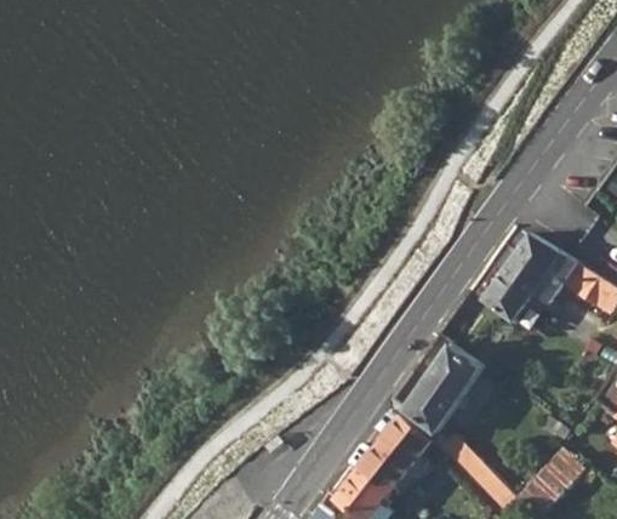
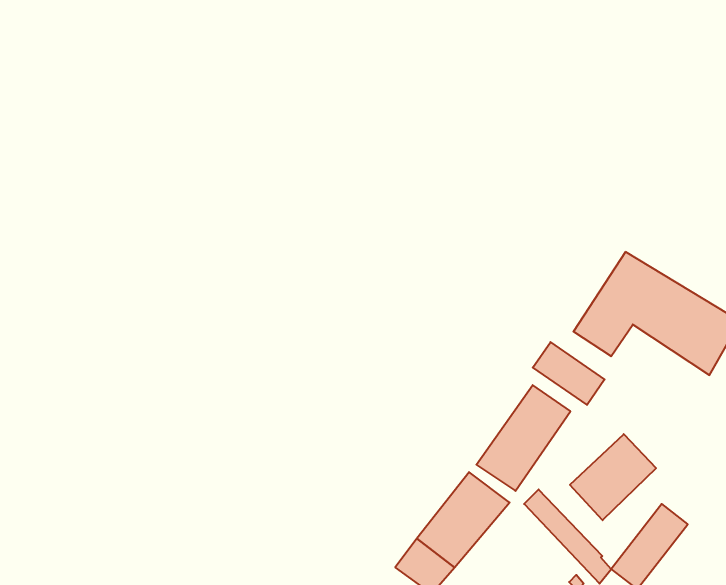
building: none -> [533,342,605,405]
building: none -> [570,434,656,520]

